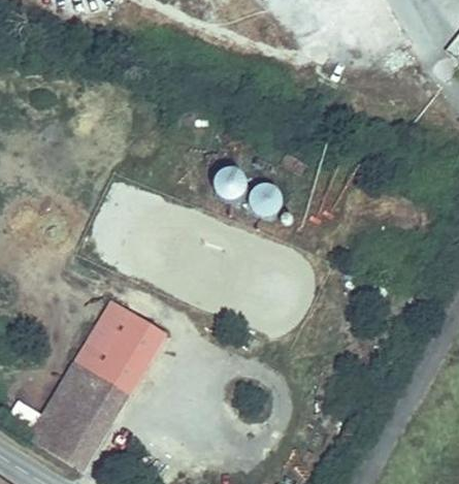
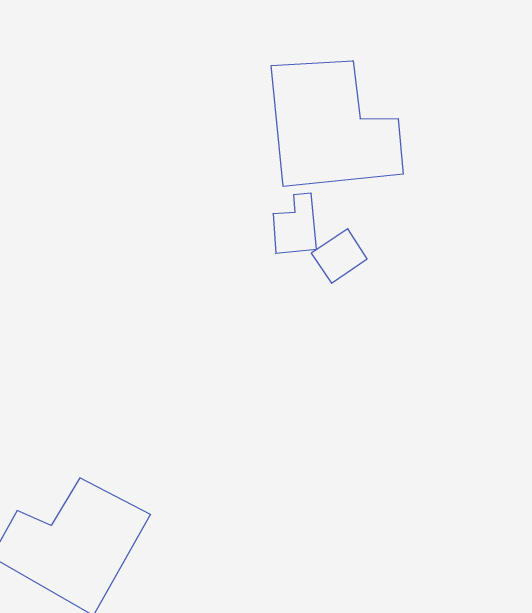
building: none -> [271,61,403,186]
building: [70,296,164,397] -> none

